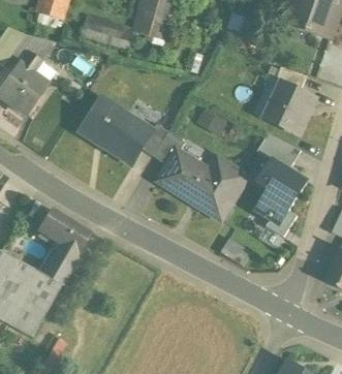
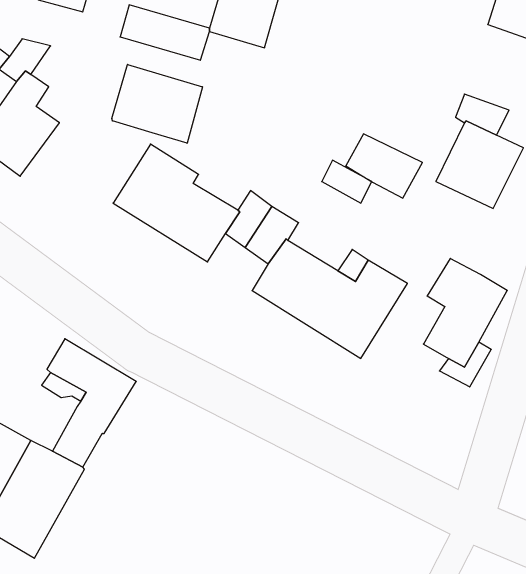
building: none -> [112,64,202,143]
building: [257,134,302,172] -> [346,134,422,198]

